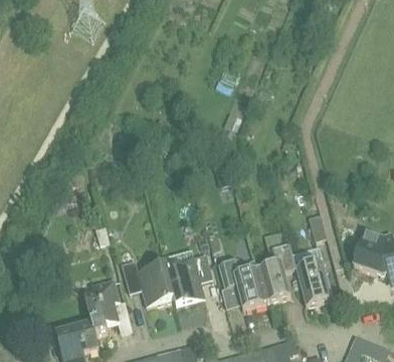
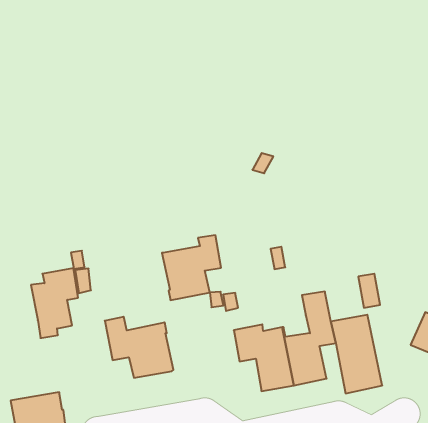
building: [167,253,212,305] -> [162,235,221,300]
building: [83,279,120,333] -> [31,268,78,338]

